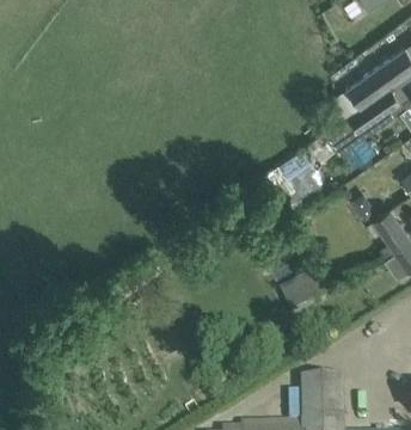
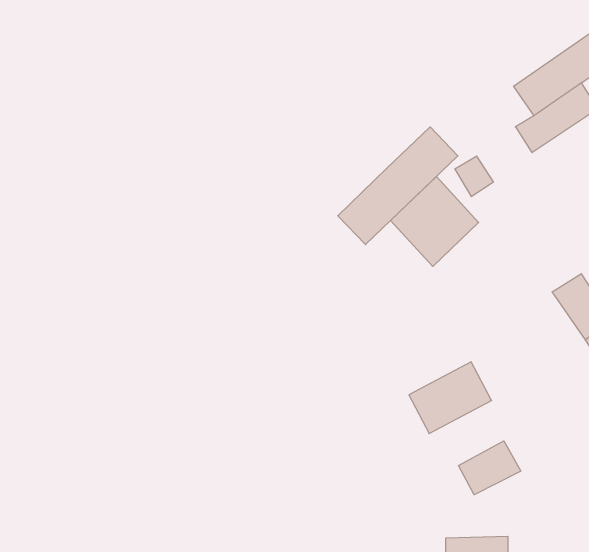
building: none -> [338,127,458,245]
building: none -> [459,441,521,495]

